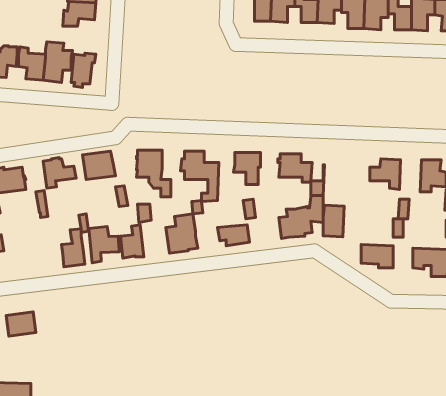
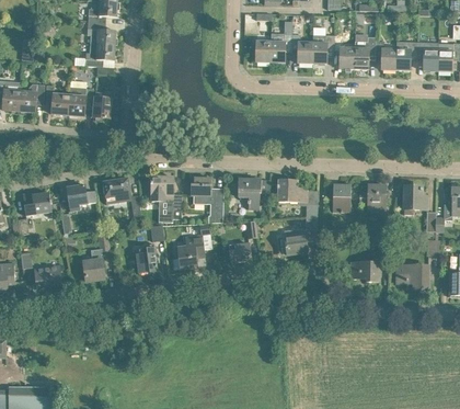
building: [323,205,344,237] -> [332,183,350,212]
building: [89,226,119,263] -> none
building: [6,312,36,336] -> [34,265,60,287]

